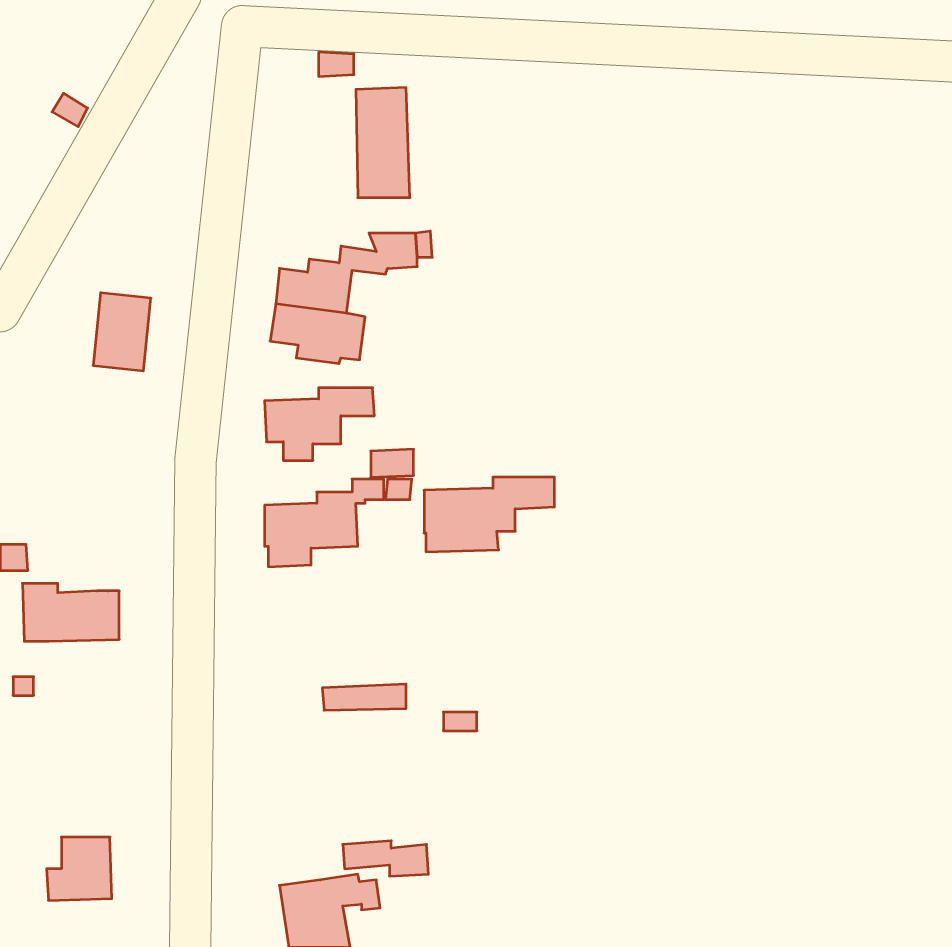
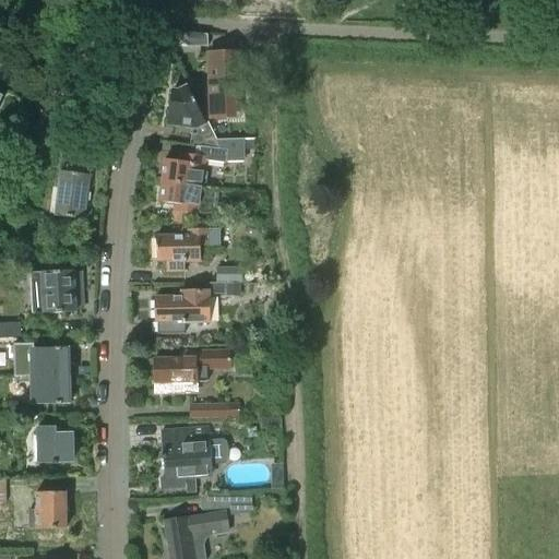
building: none -> [167,84,221,147]
building: none -> [31,269,82,312]
building: [424,477,554,552] -> [154,348,230,392]
building: none -> [28,374,71,402]
building: none -> [38,426,71,461]
building: none -> [160,426,227,497]

